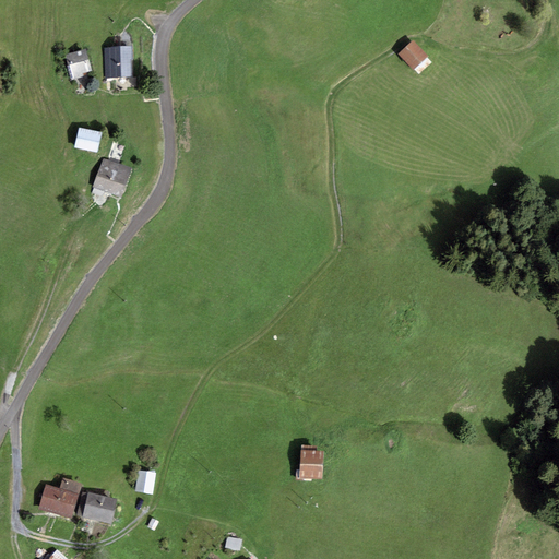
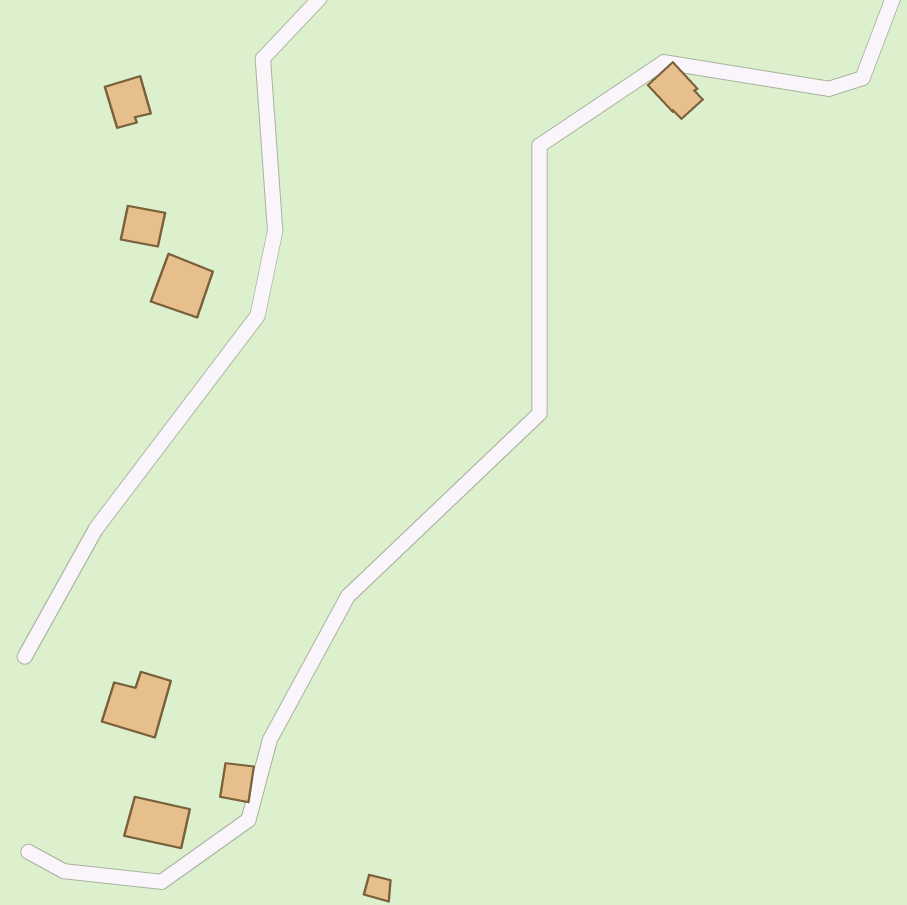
building: [105,45,133,78] -> none
building: [298,453,318,479] -> none
building: [39,477,82,518] -> [102,672,171,738]

